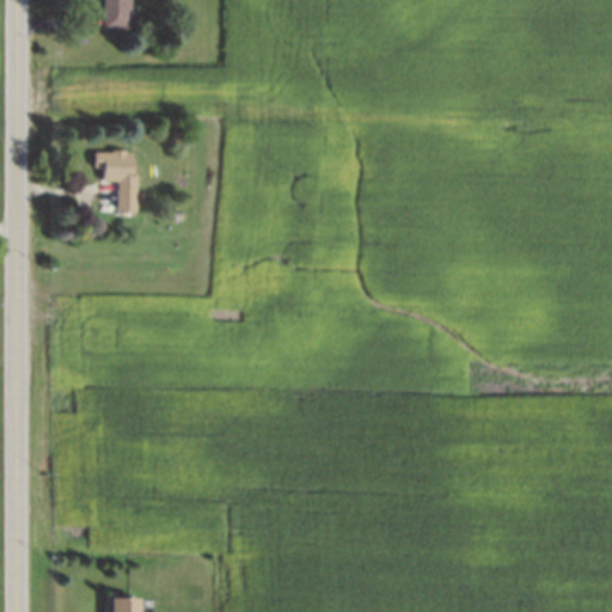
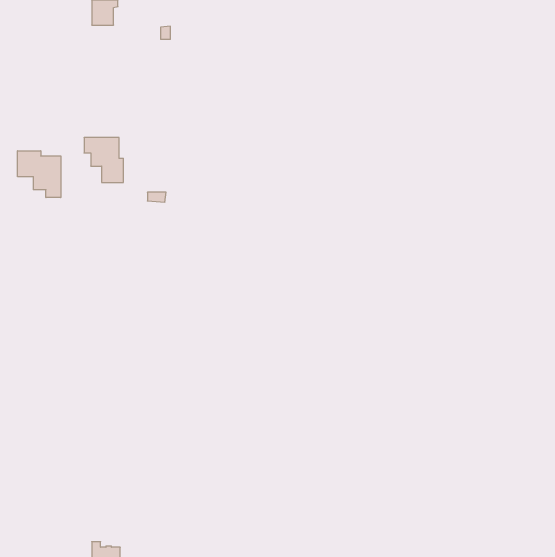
building: none -> [18,151,61,198]

